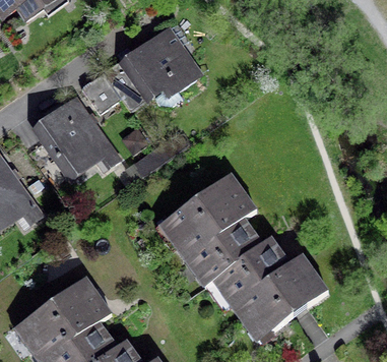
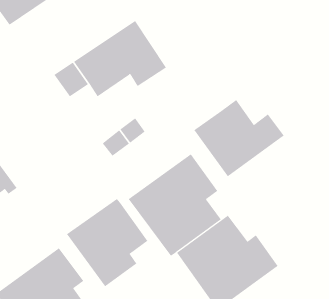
building: [28,95,119,178] -> none
building: none -> [193,99,284,177]
building: none -> [66,198,148,287]

